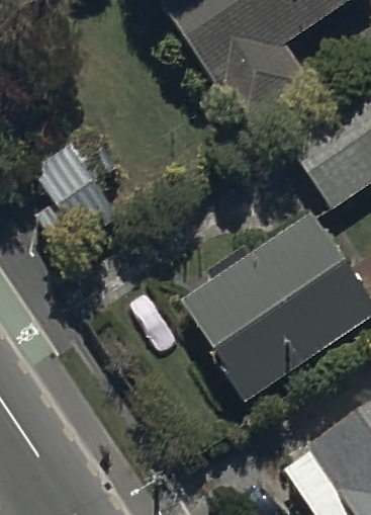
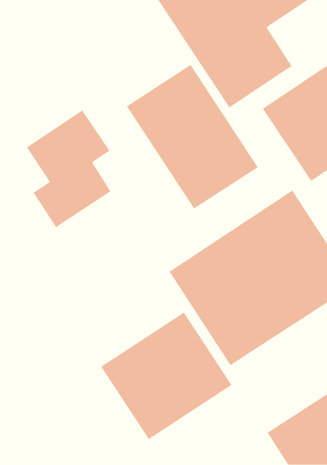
building: none -> [126,64,259,210]
building: none -> [100,312,232,440]

